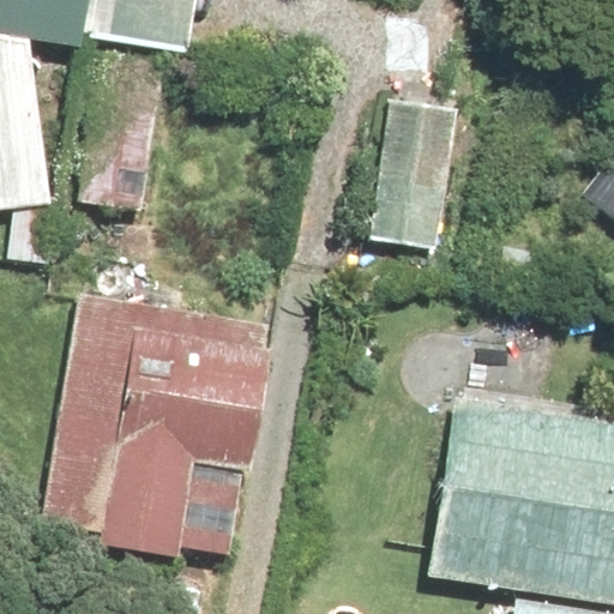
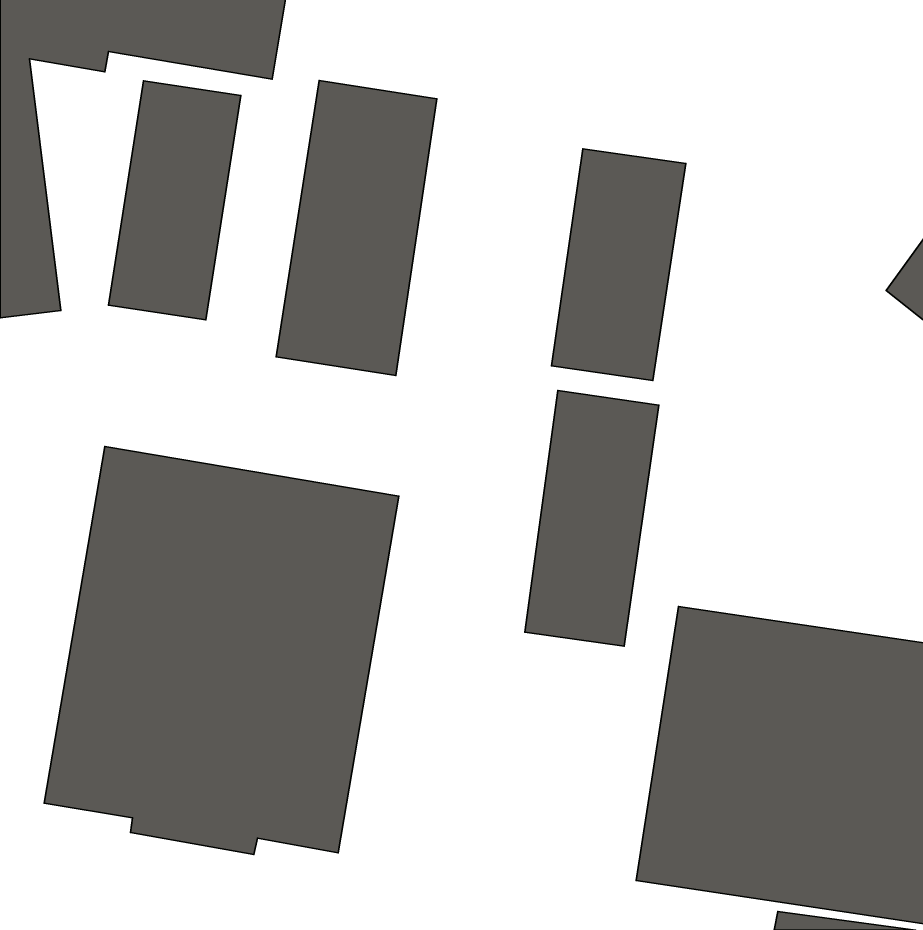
building: none -> [276,81,437,376]
building: none -> [525,390,659,646]

